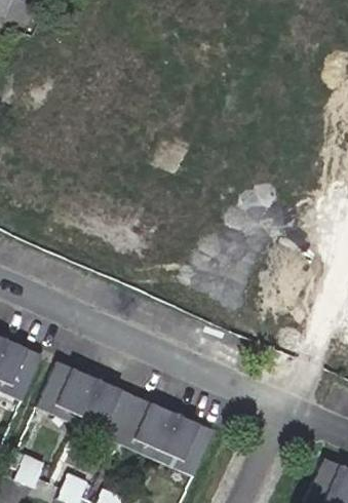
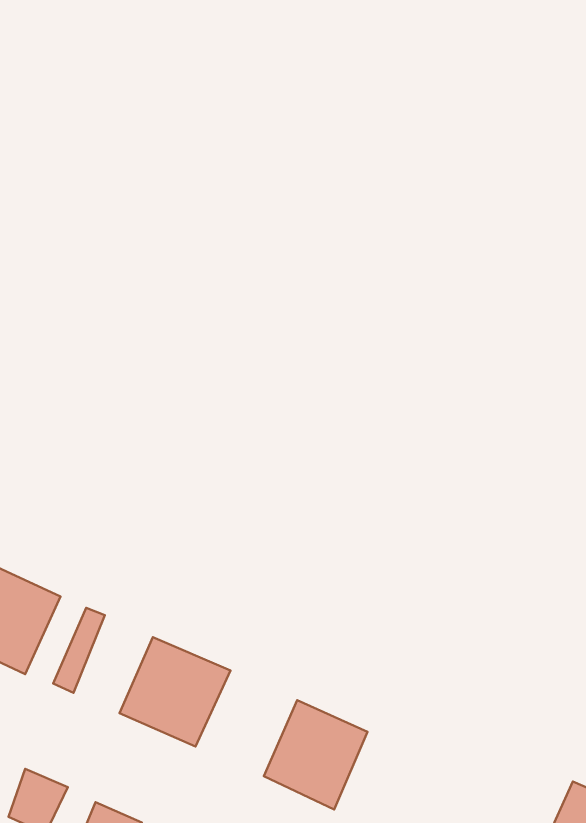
building: [48,366,92,421] -> none
building: [116,397,172,456] -> none

